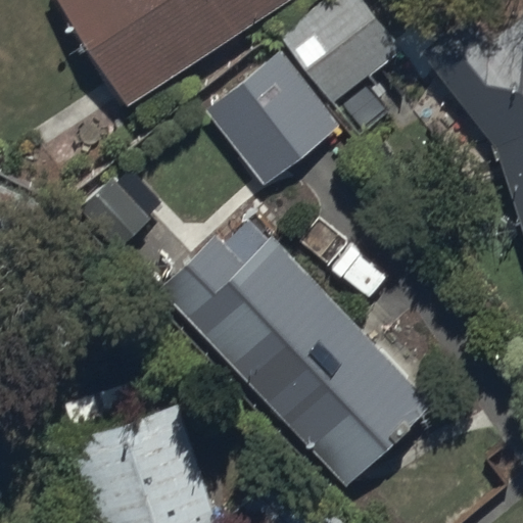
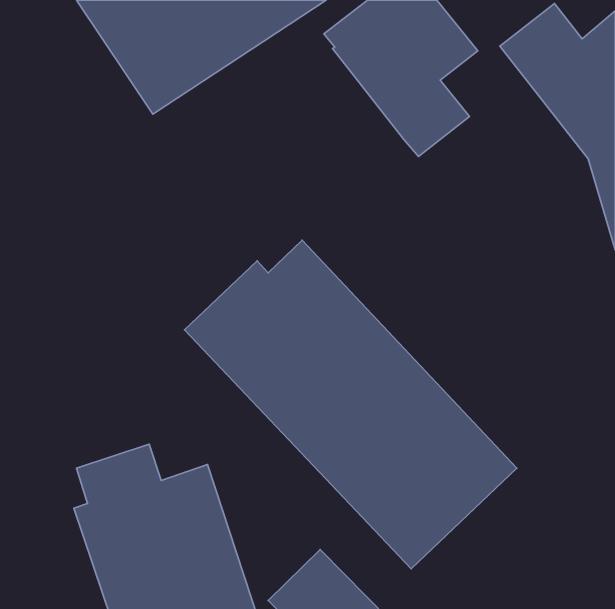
building: [204,50,340,187] -> none

